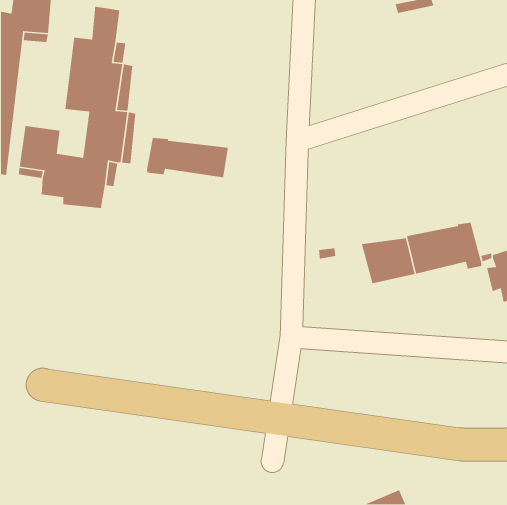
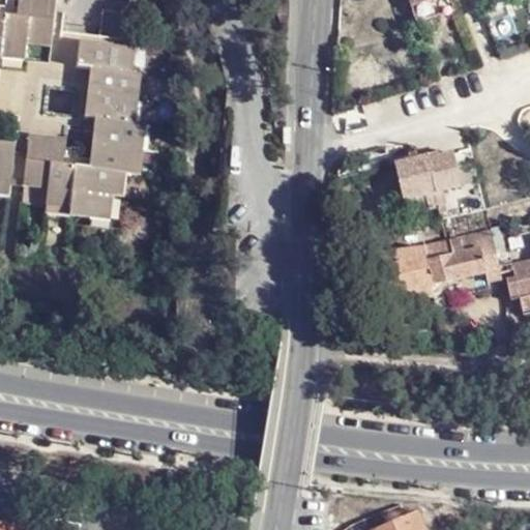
building: [146,137,229,178] -> none
building: none -> [399,153,464,201]

